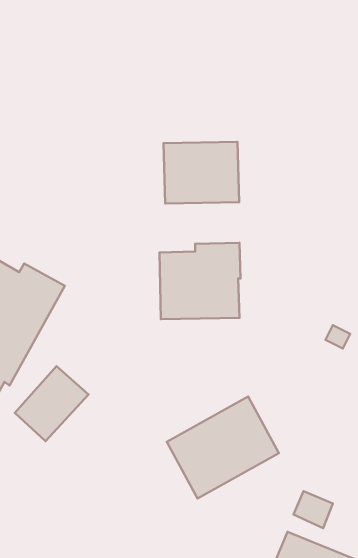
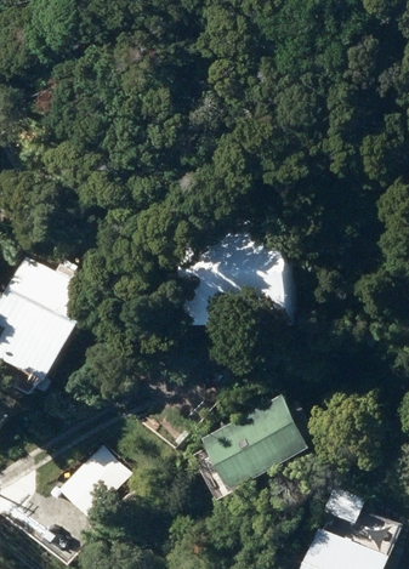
building: [164,142,239,203] -> none
building: [15,366,89,441] -> [58,443,131,517]

